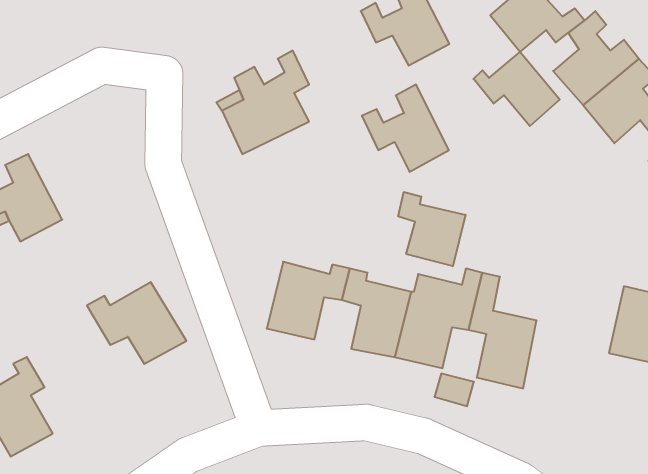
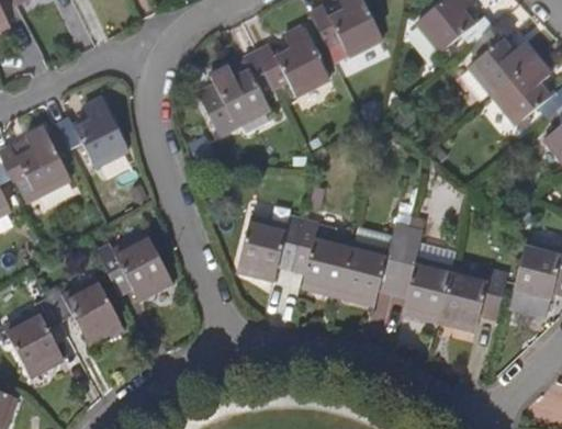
building: [473,52,560,126] -> none
building: [362,85,449,172] -> [258,25,328,95]
building: none -> [56,104,128,172]
building: [398,192,466,266] -> none
building: none -> [443,268,514,330]
building: none -> [44,276,123,343]

